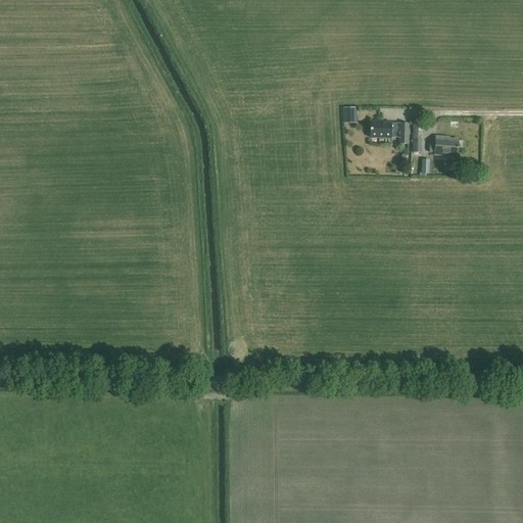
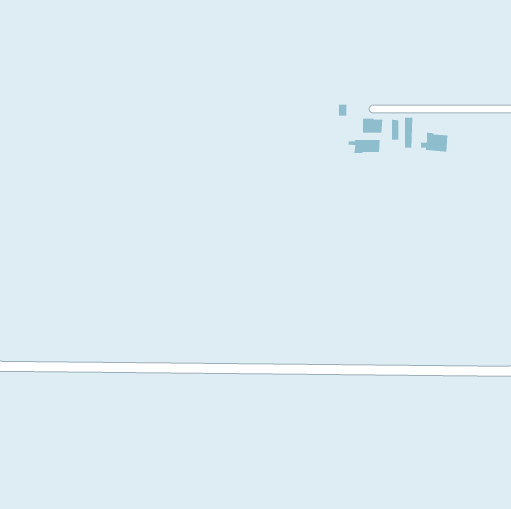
building: none -> [348,139,380,154]

